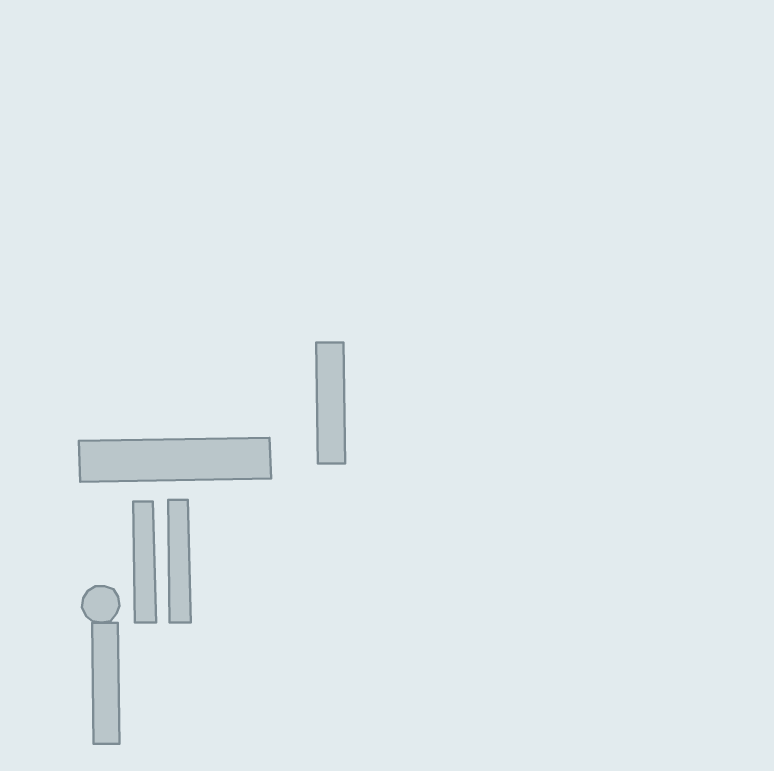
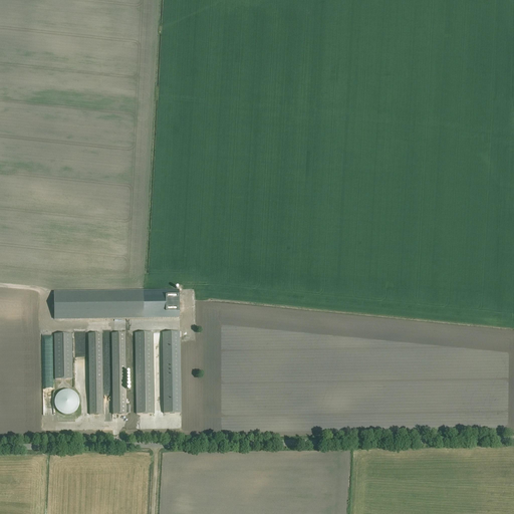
building: [316,342,345,464] -> [162,331,181,412]
building: none -> [54,332,72,377]
building: [92,623,119,744] -> [136,331,154,412]

